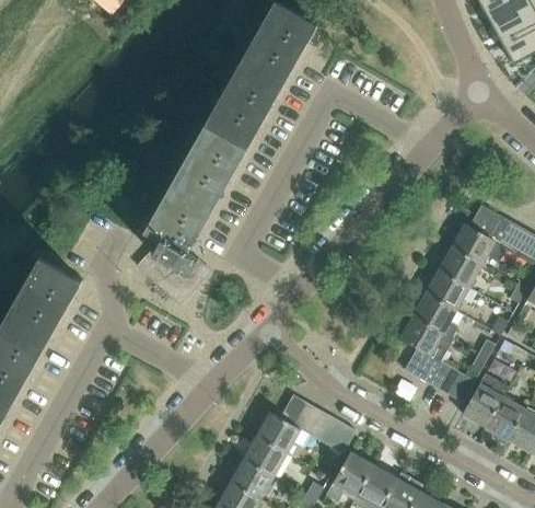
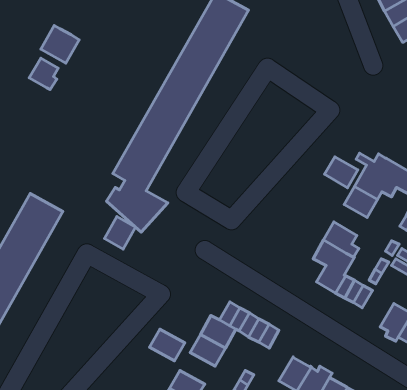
building: none -> [41,26,79,63]
building: none -> [29,58,58,90]
building: [426,270,468,310] -> [324,157,358,188]
building: none -> [105,217,135,249]
building: [462,373,508,426] -> none
building: [326,451,374,500] -> none
building: [230,459,275,499] -> [149,329,185,361]

